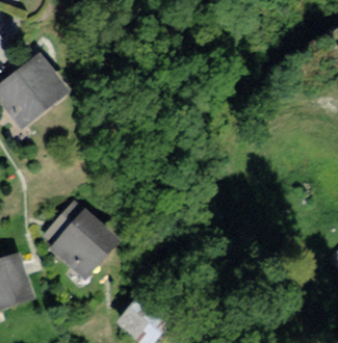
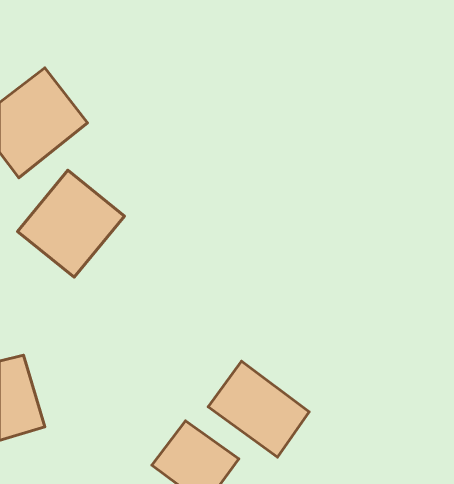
building: [45,206,118,279] -> [17,170,124,277]
building: none -> [208,361,309,457]

